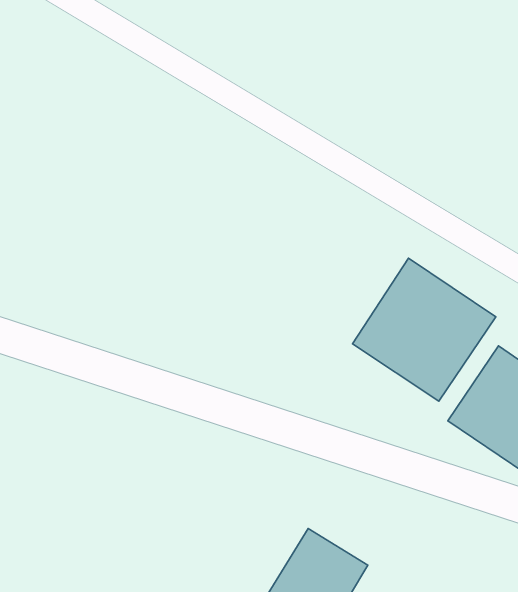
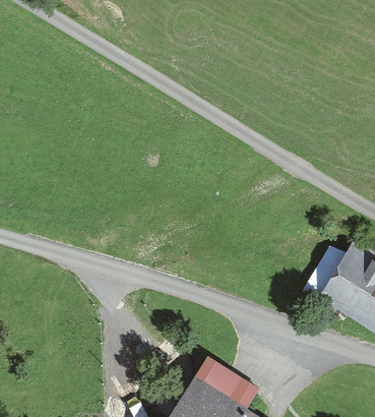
building: [352,258,496,401] -> none

